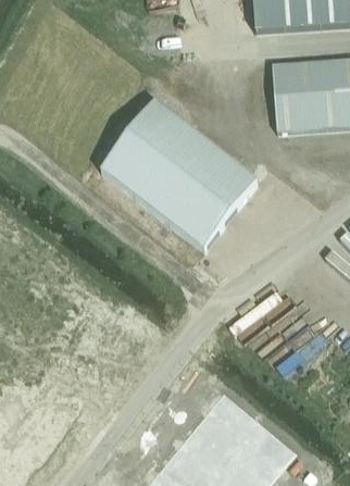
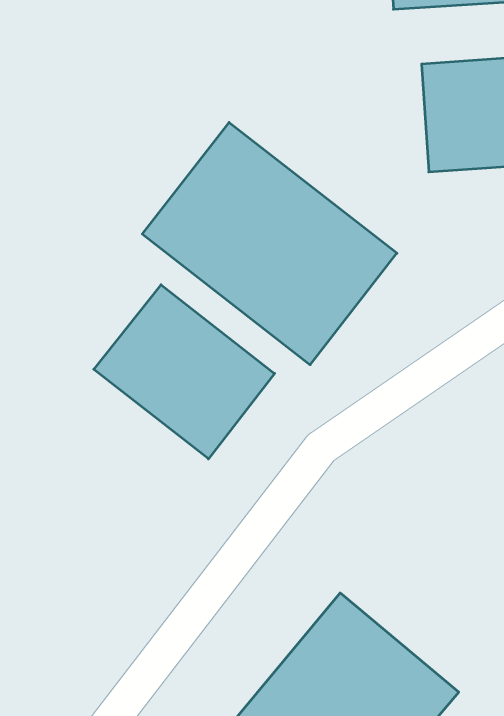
building: none -> [94,285,275,459]

